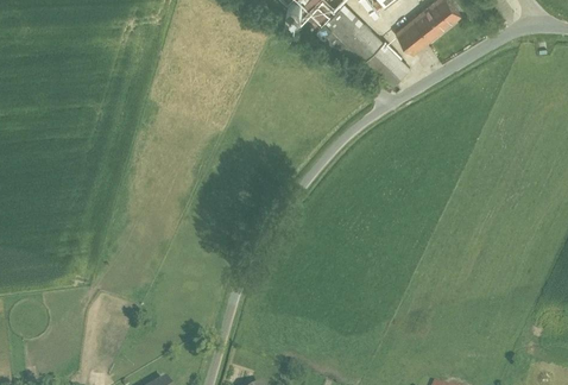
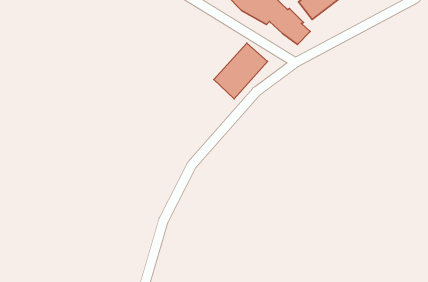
building: none -> [214,43,267,99]

